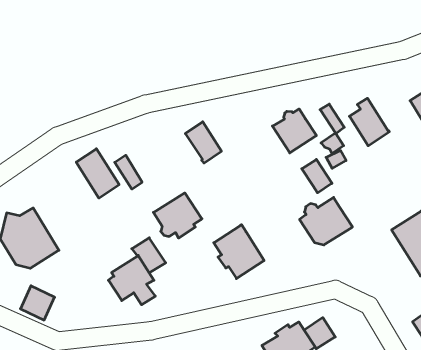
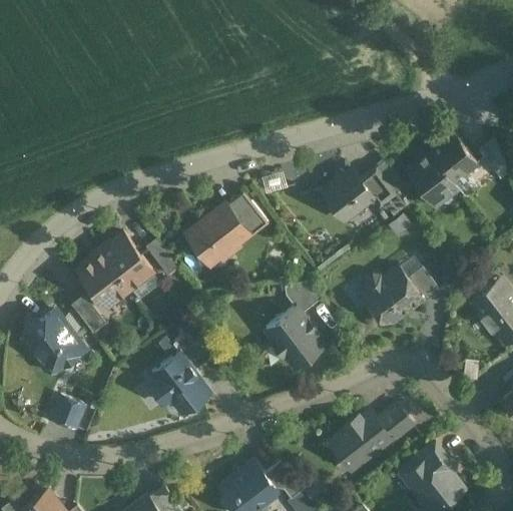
building: none -> [429,134,477,188]
building: [302,159,332,193] -> [360,169,396,207]
building: none -> [77,250,130,308]
building: [153,193,202,238] -> [189,208,245,261]
building: none -> [407,269,440,305]
building: none -> [71,295,105,333]
building: none -> [285,283,322,316]

